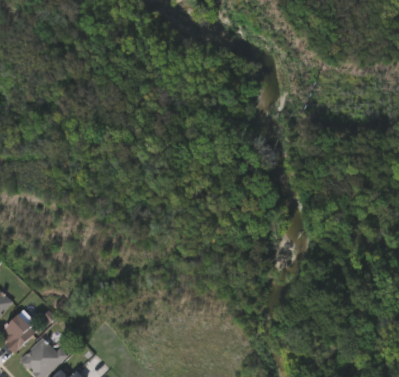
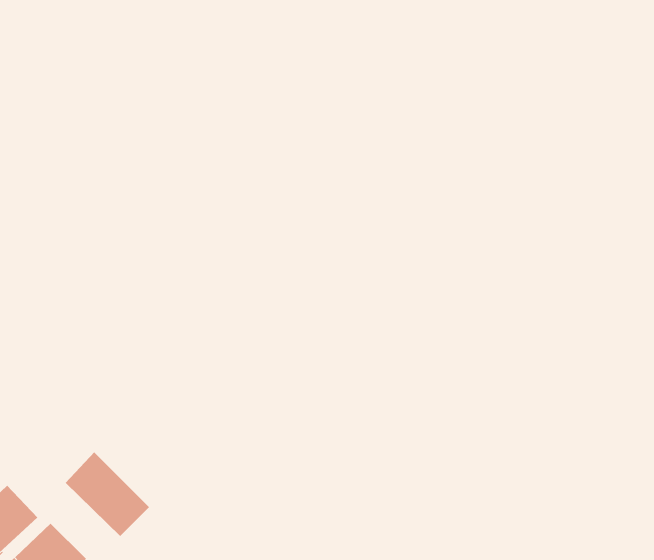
building: none -> [65,452,150,537]

